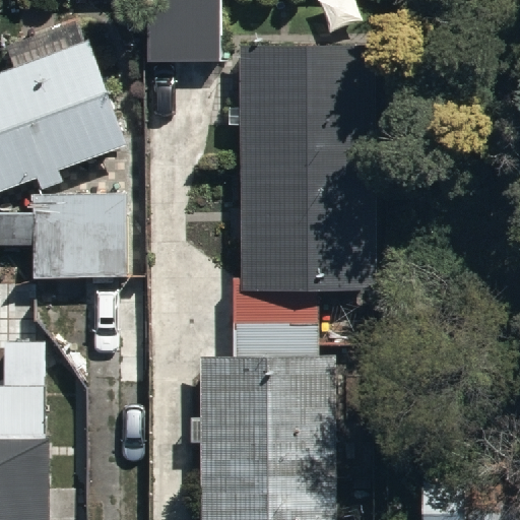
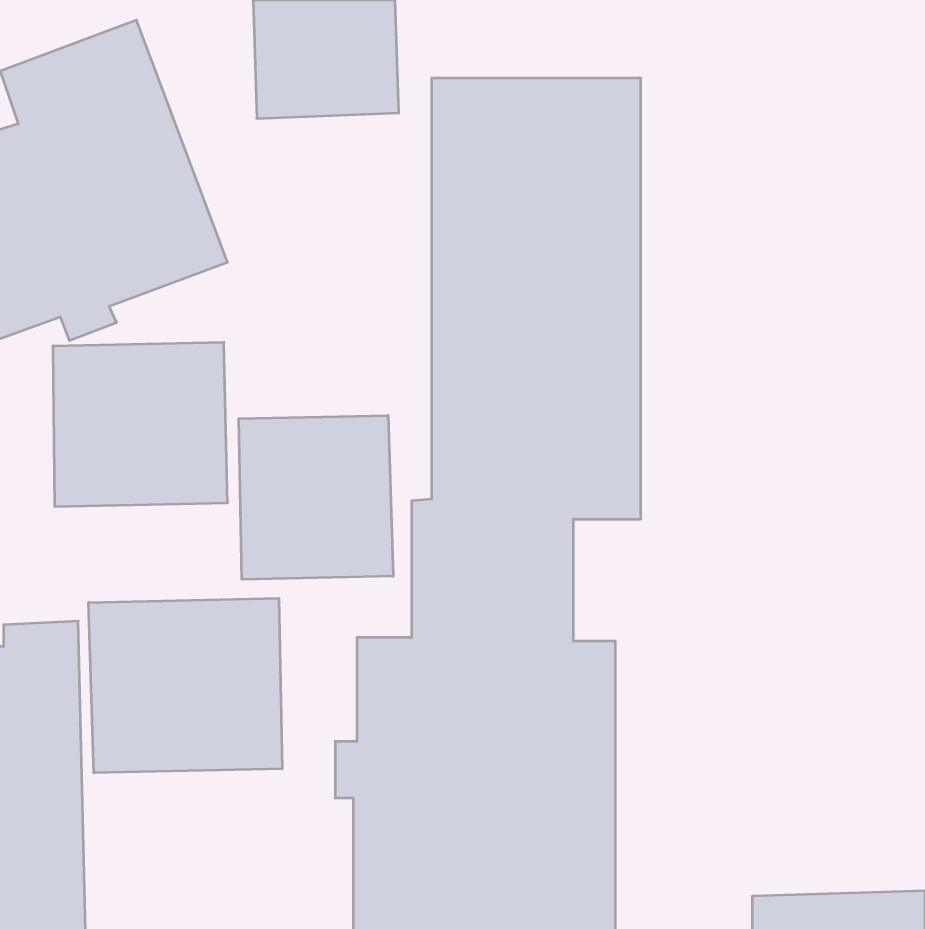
building: none -> [239,415,393,579]
building: none -> [89,598,282,773]

